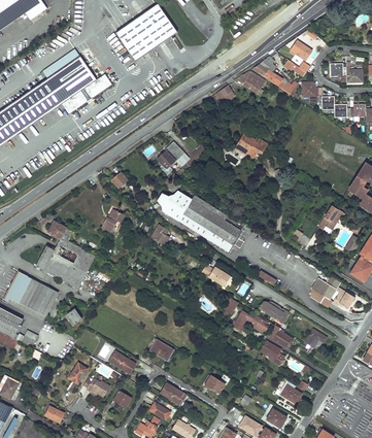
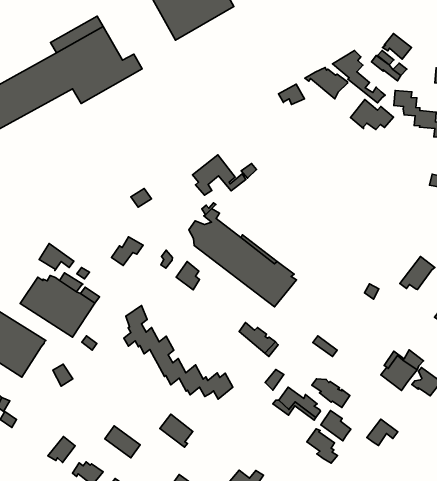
building: [235,133,267,155] -> [351,99,394,129]
building: none -> [124,305,233,399]

